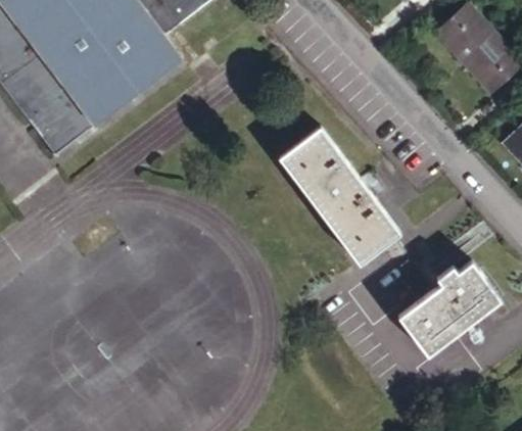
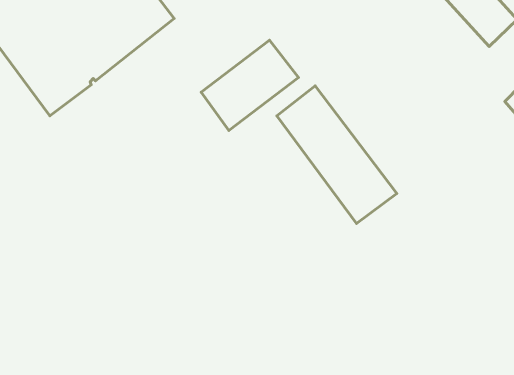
building: none -> [201,40,299,131]
building: [399,262,499,354] -> none

